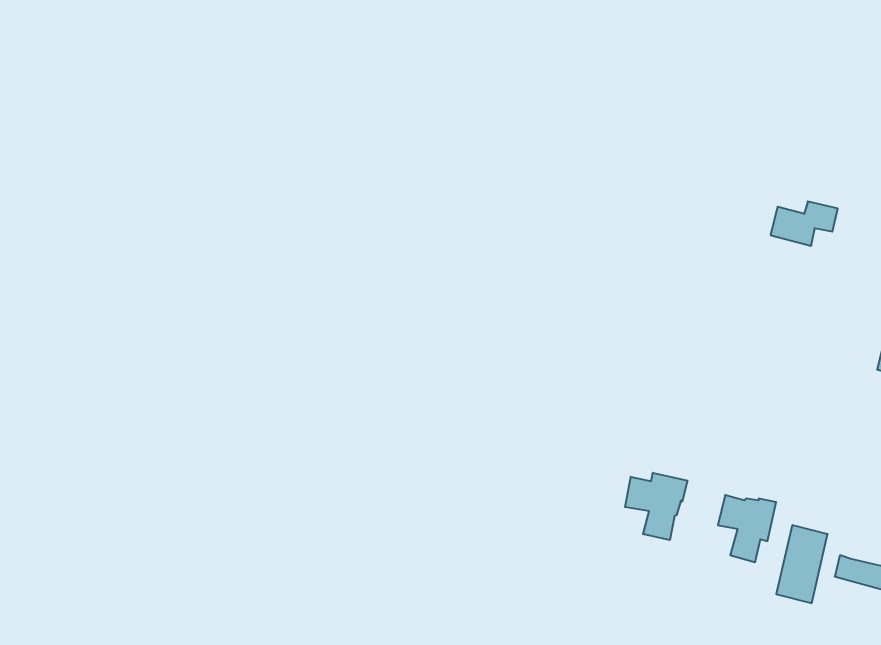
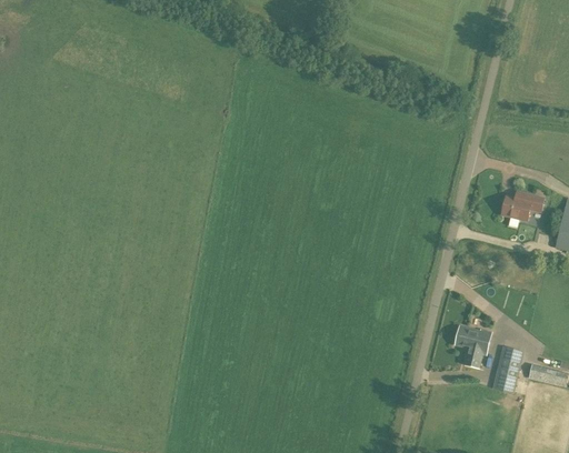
building: [771,201,838,246] -> [501,191,543,219]
building: [625,473,687,540] -> none

